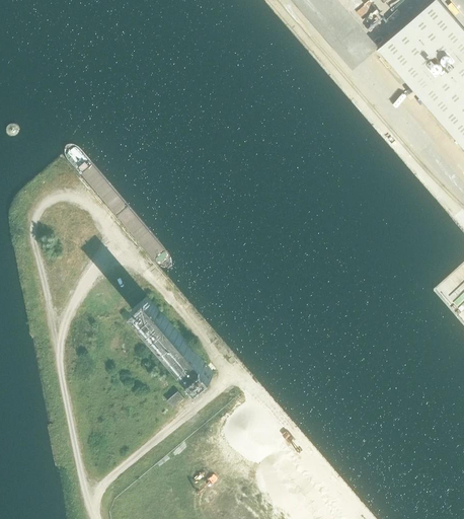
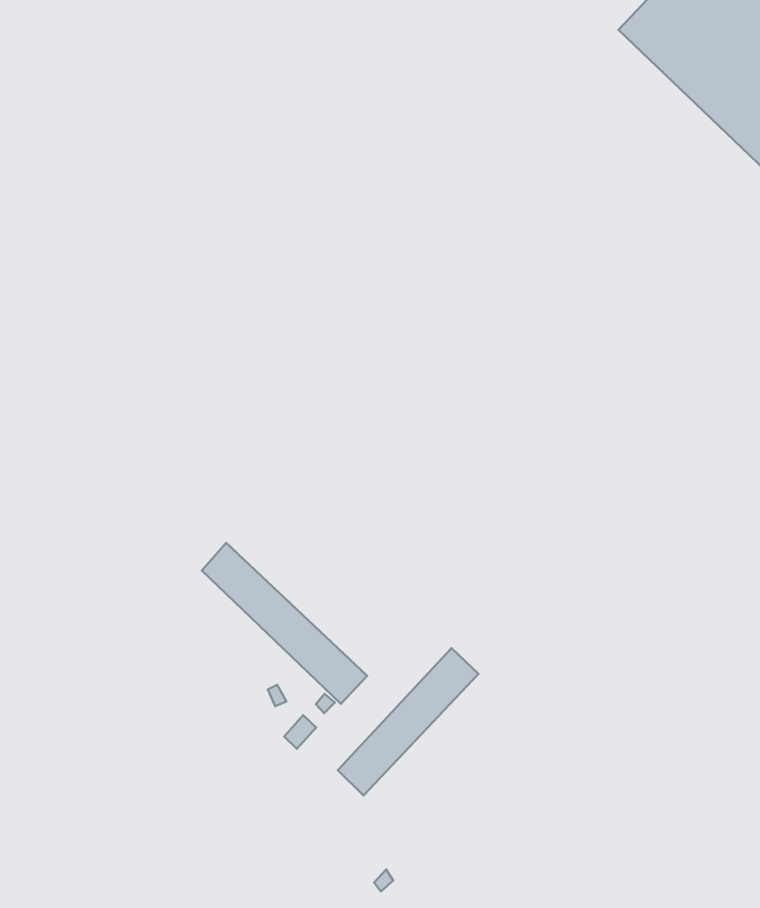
building: none -> [338,648,479,796]

